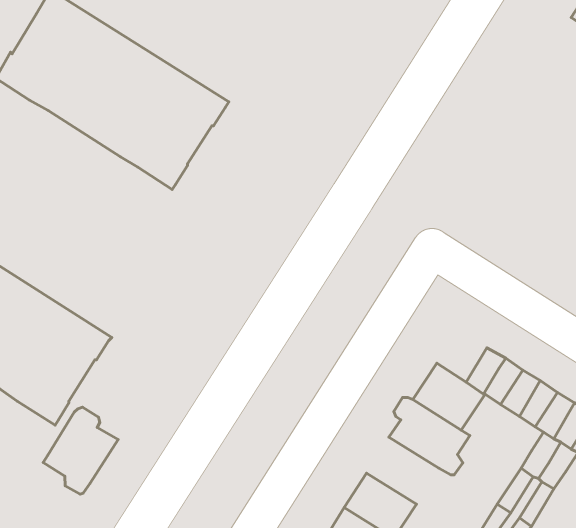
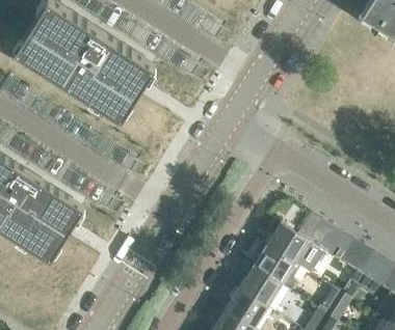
building: [43,407,118,494] -> none
building: none -> [238,271,282,311]

